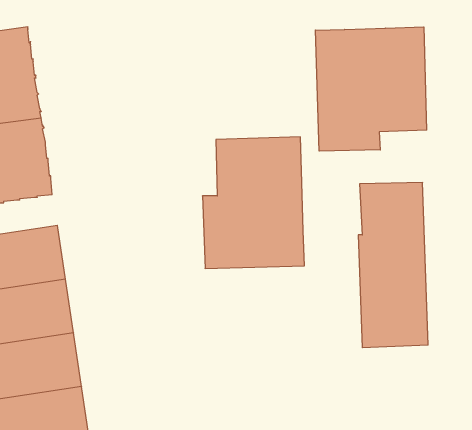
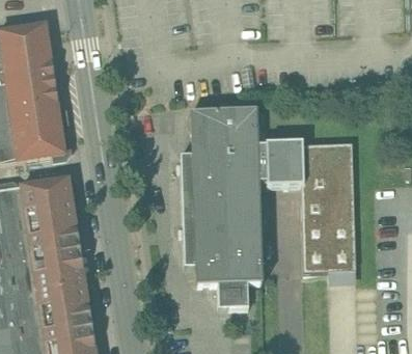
building: [315,27,427,151] -> none
building: none -> [257,142,304,187]
building: none -> [183,210,263,309]

